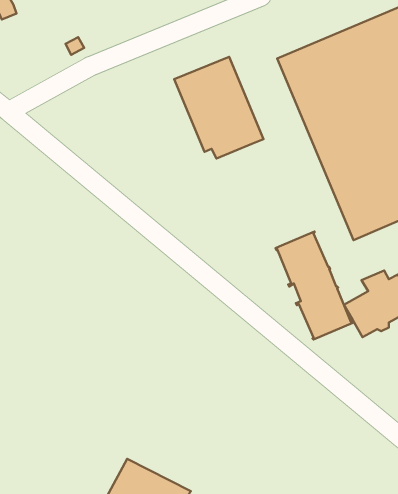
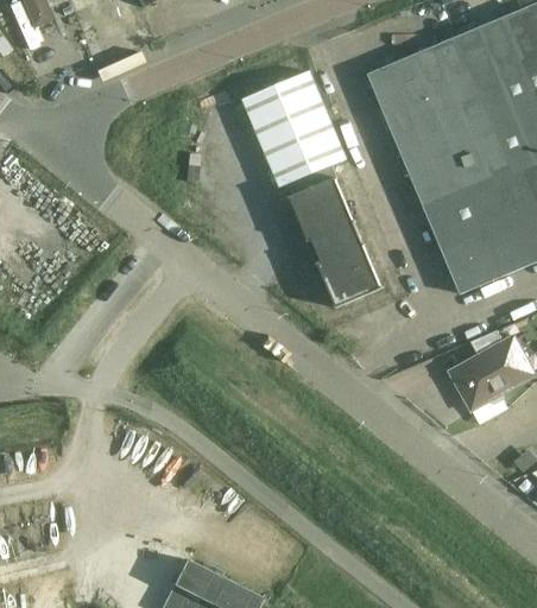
building: [275,232,353,340] -> [289,178,383,309]

